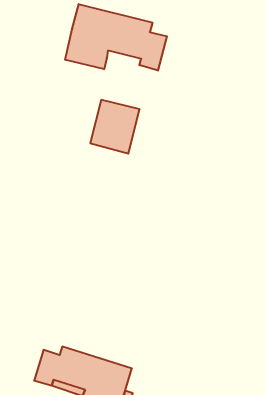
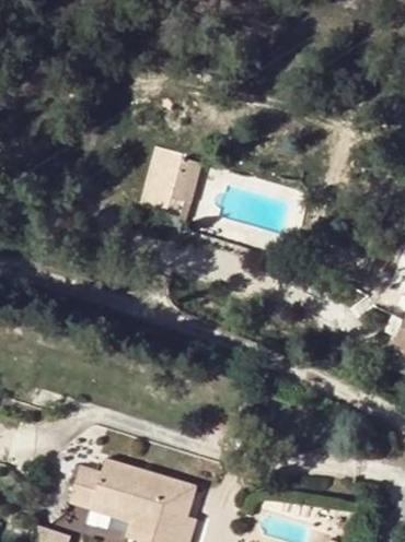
building: [65,4,167,71] -> none

